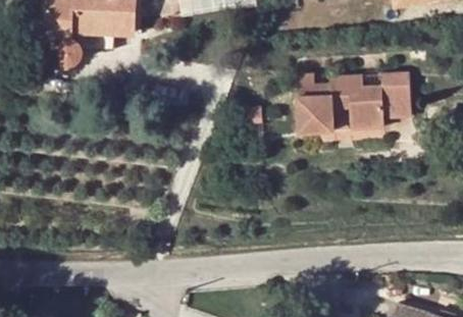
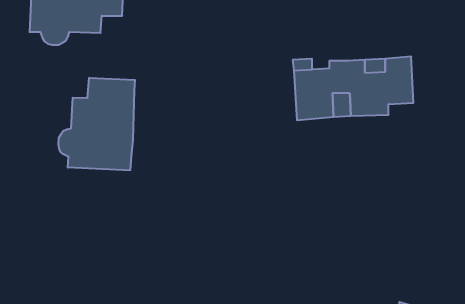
building: none -> [58,78,135,170]

